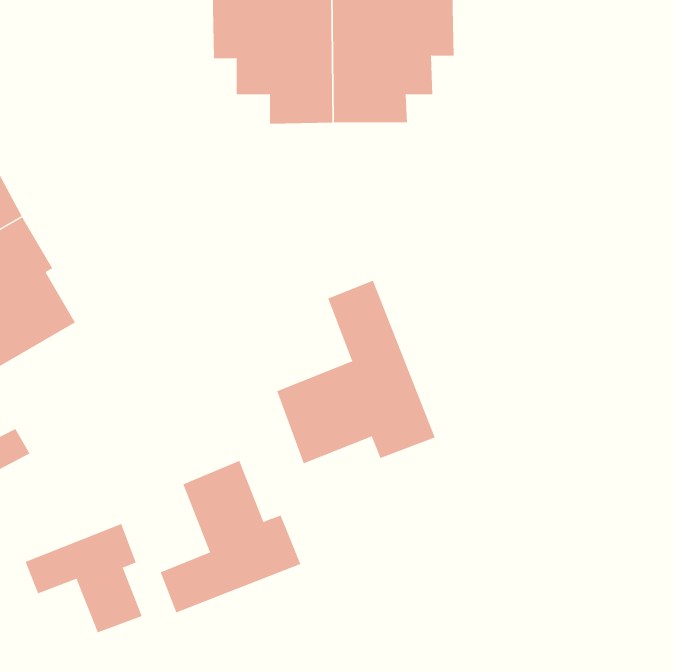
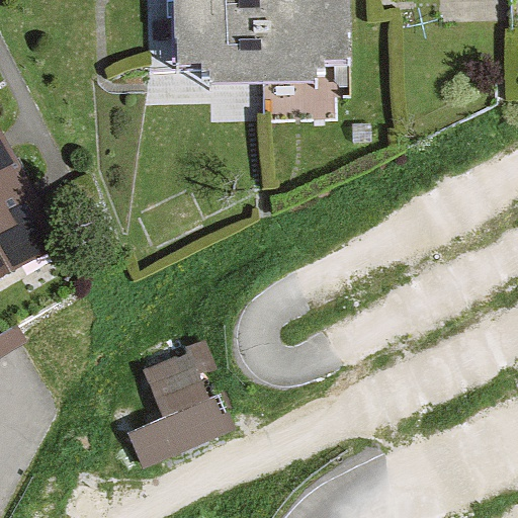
building: [276,280,435,464] -> none
building: [25,523,143,633] -> none

